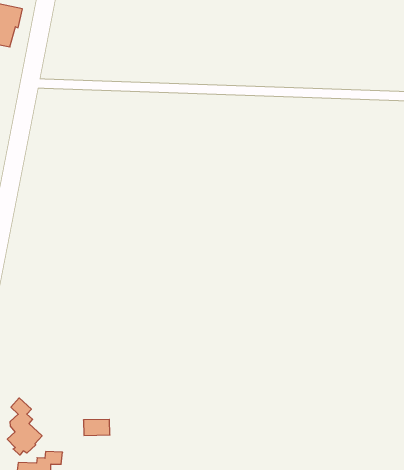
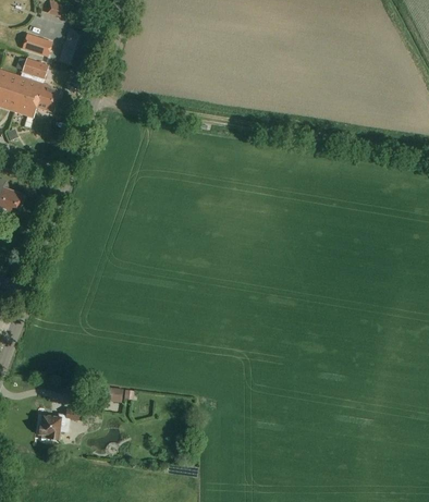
building: [7,398,42,455] -> none

